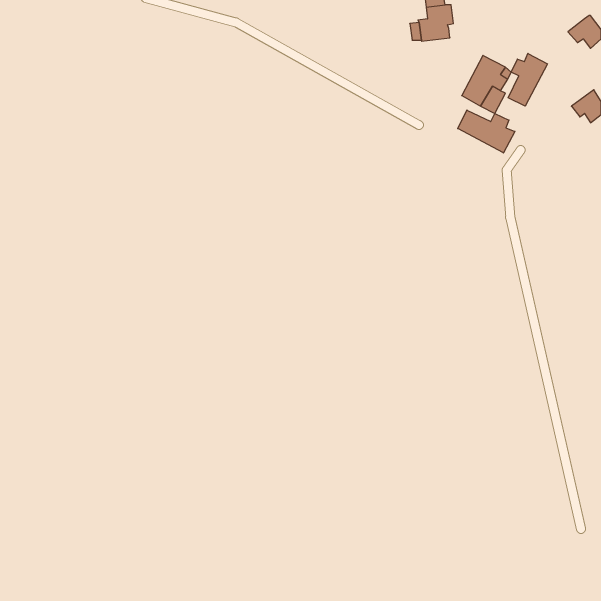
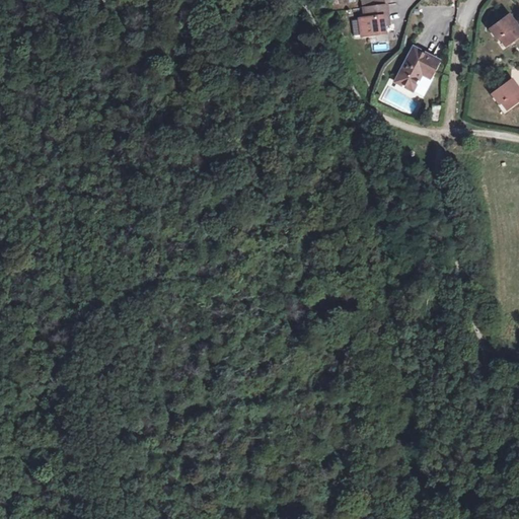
building: [508,53,547,106] -> none
building: [458,110,515,153] -> none

